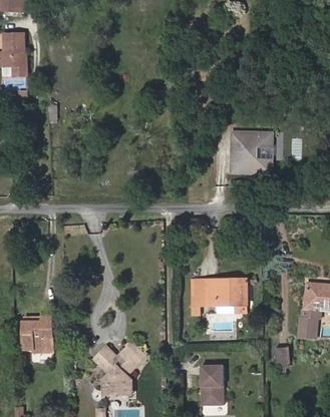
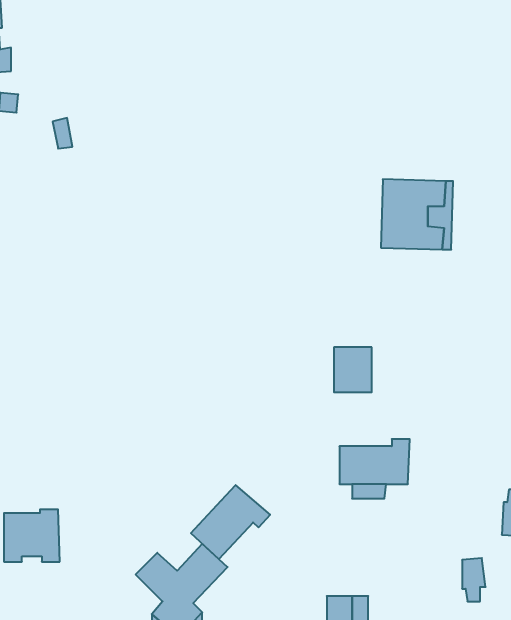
building: [187,280,208,305] -> [334,347,372,392]
building: none -> [191,485,270,559]

